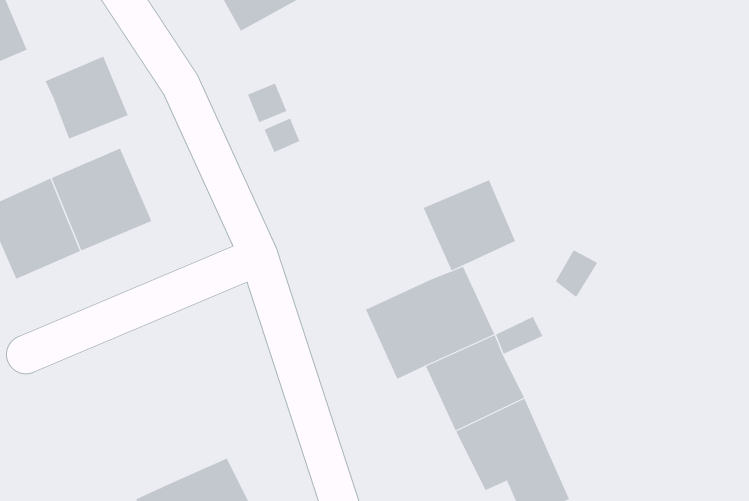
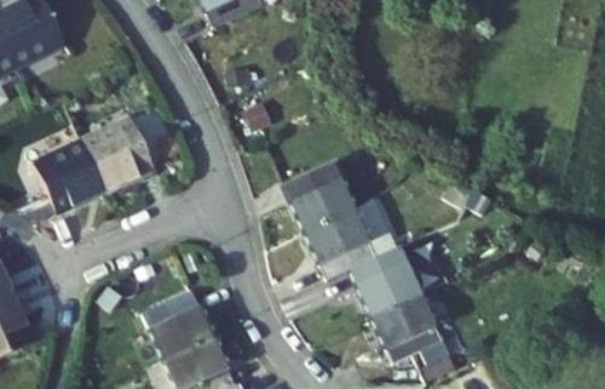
building: [45,56,128,139] -> none
building: [423,180,516,271] -> [288,162,356,229]
building: none -> [139,293,208,359]

